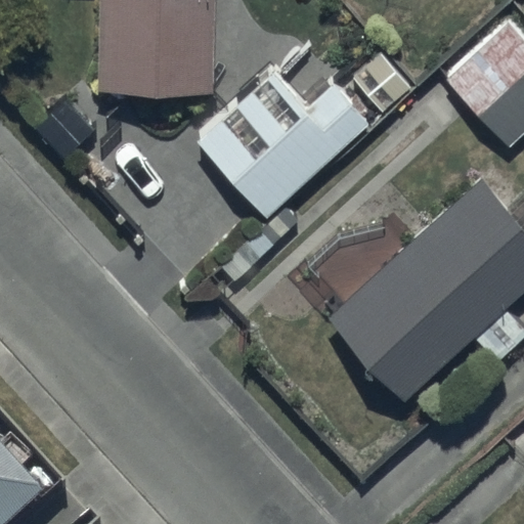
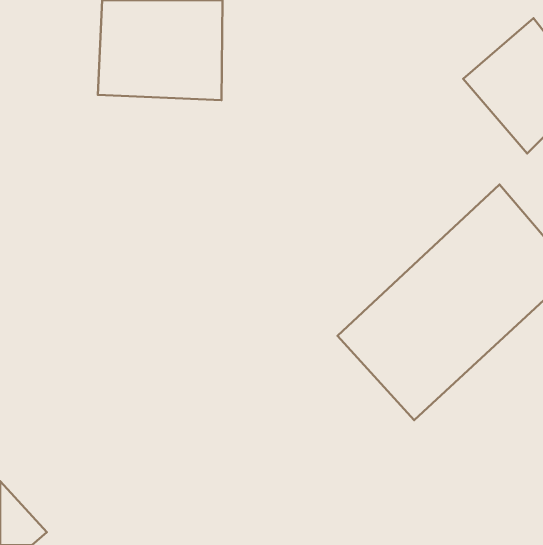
building: [198,71,374,217] -> none

